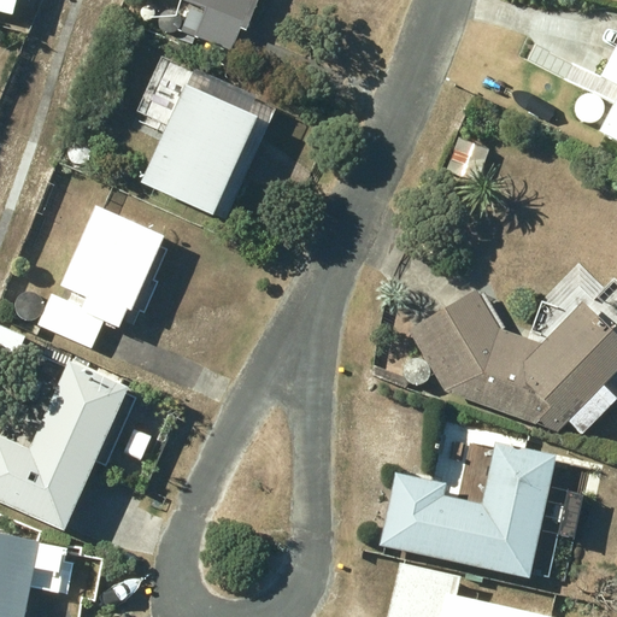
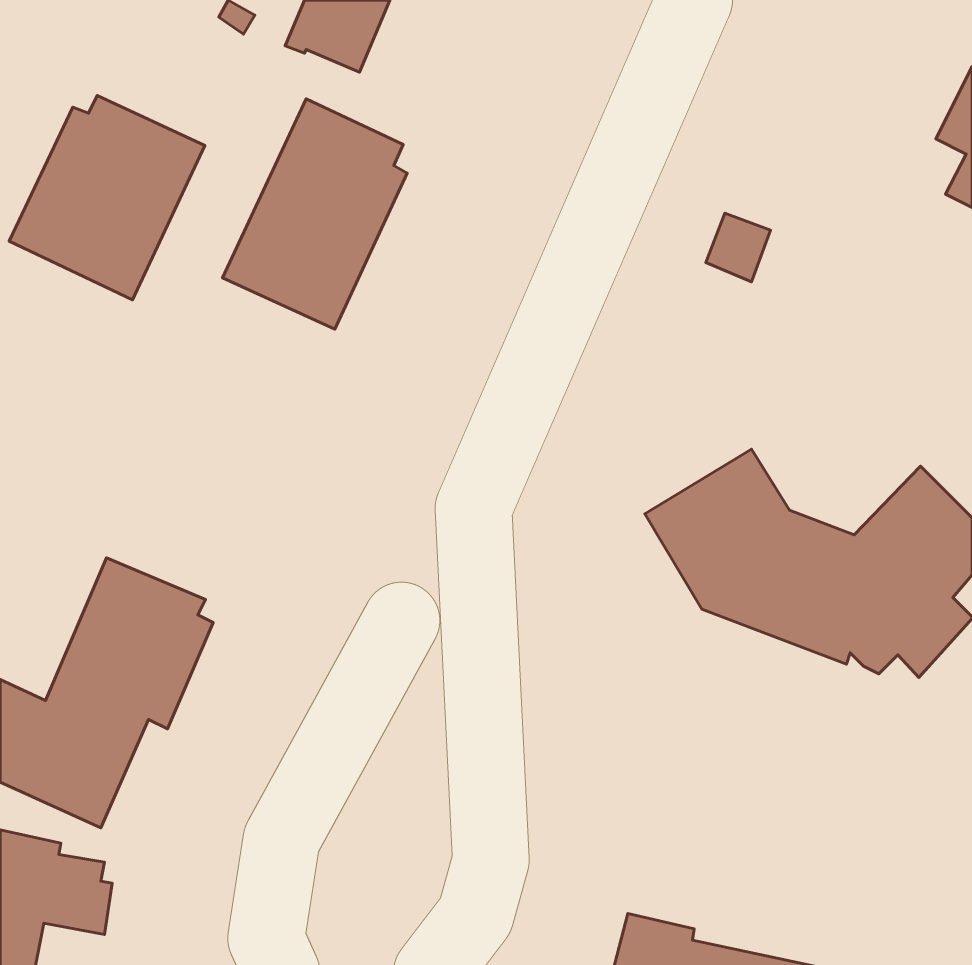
building: none -> [9,95,205,300]
building: [37,204,165,348] -> none
building: [380,442,583,577] -> none

